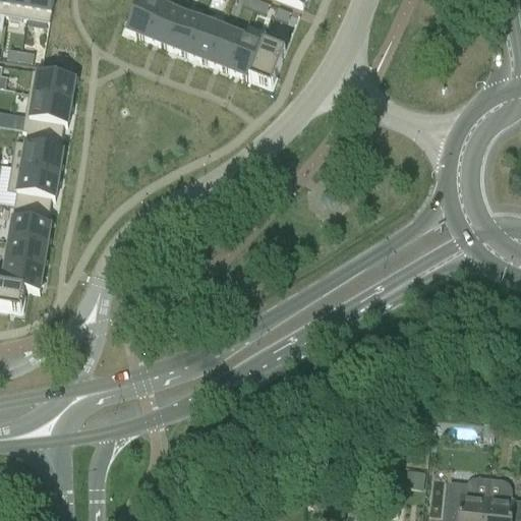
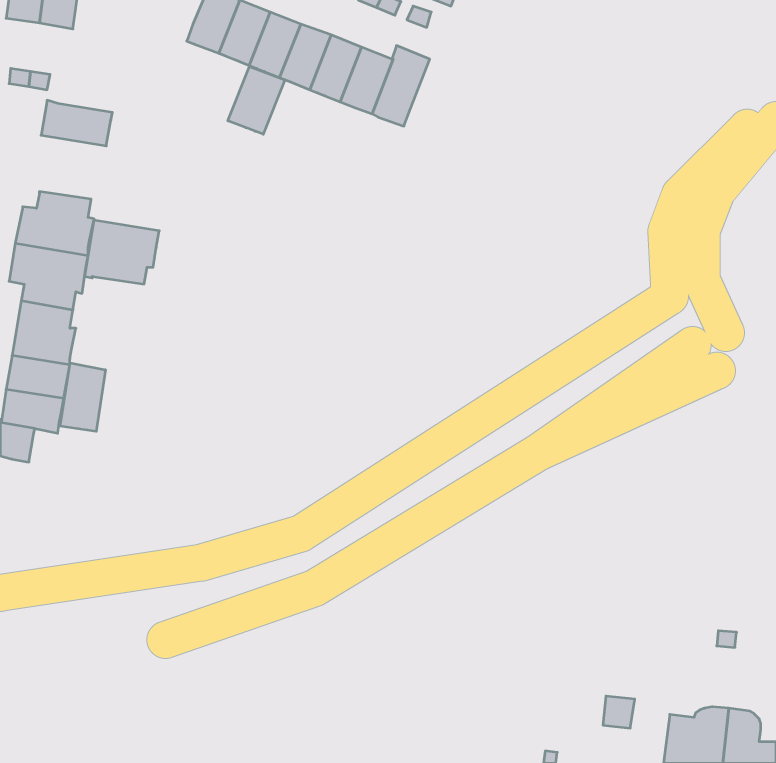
building: none -> [228,66,285,134]
building: [21,91,71,133] -> [85,220,159,284]
building: none -> [60,363,105,431]

